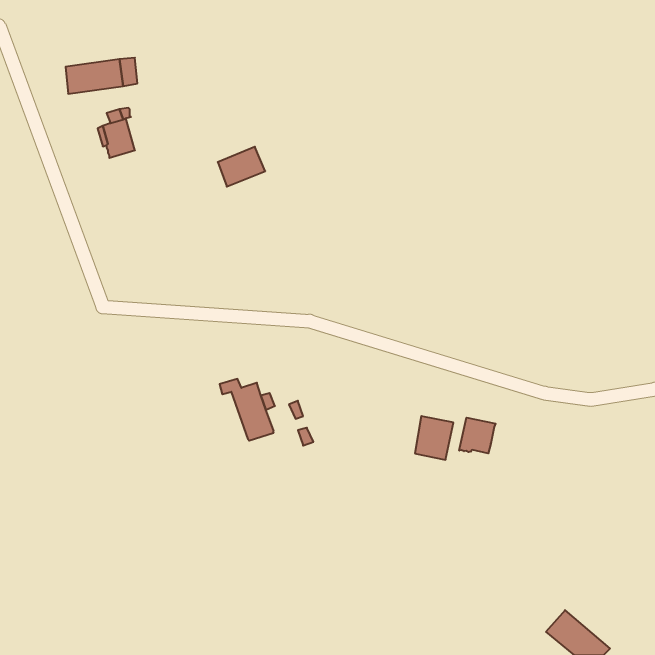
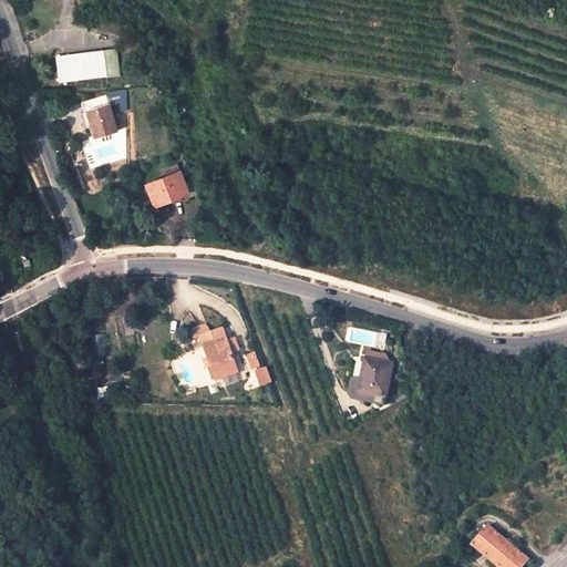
building: [218,147,265,187] -> [146,171,187,205]
building: [459,418,496,453] -> none

